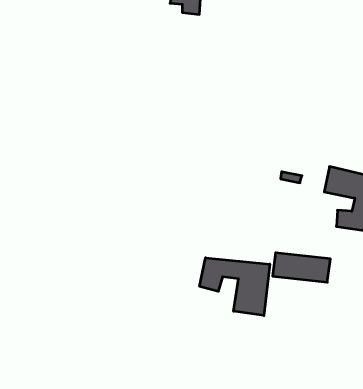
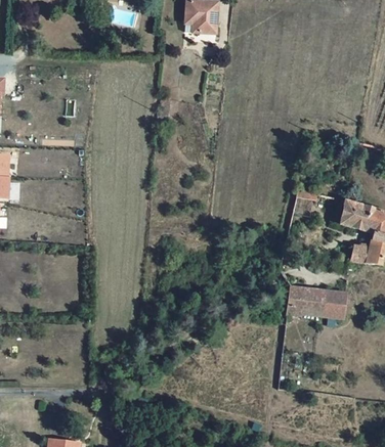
building: [200,258,270,316] -> none

